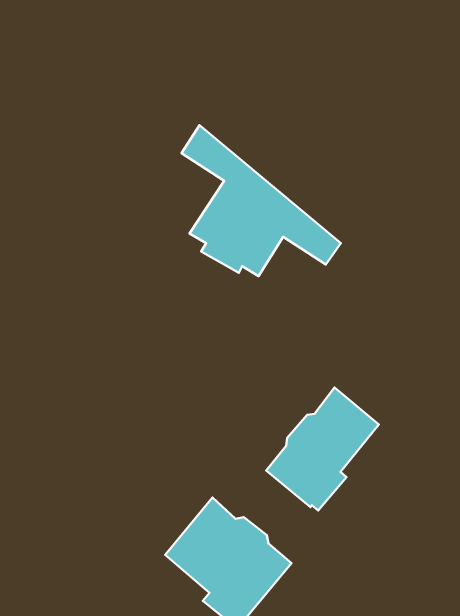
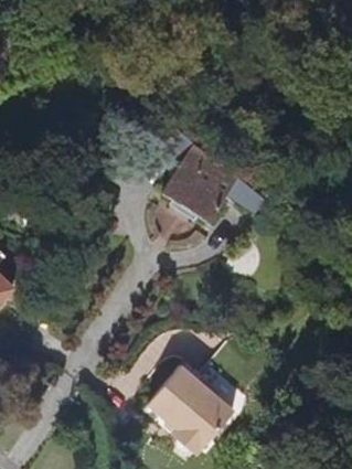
building: [266,388,379,511] -> none

